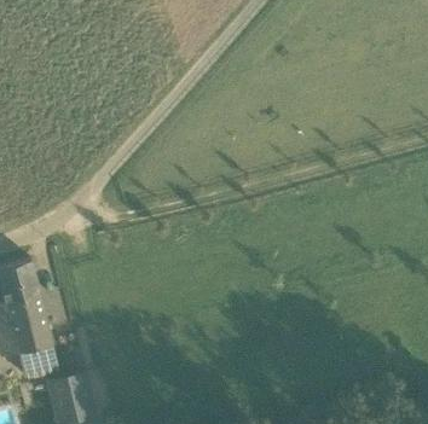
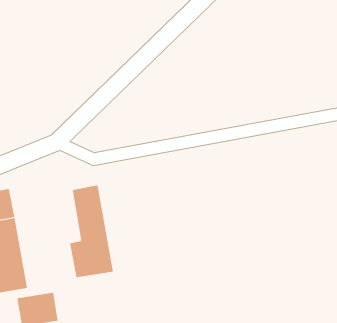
building: none -> [69,184,113,278]

